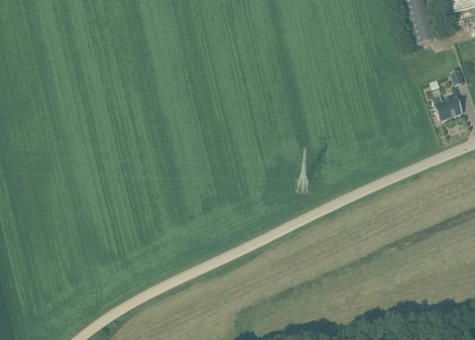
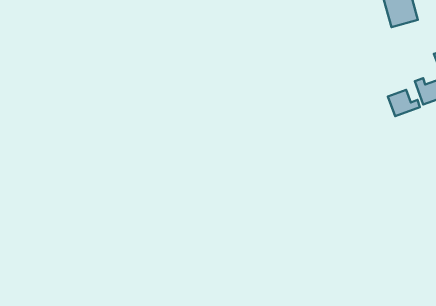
building: none -> [388,90,420,116]

